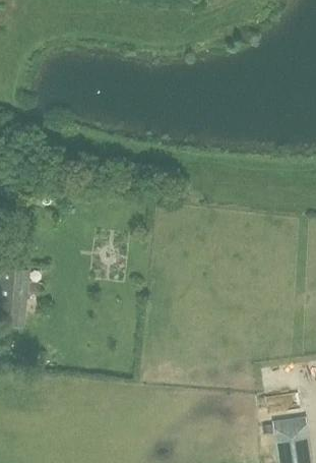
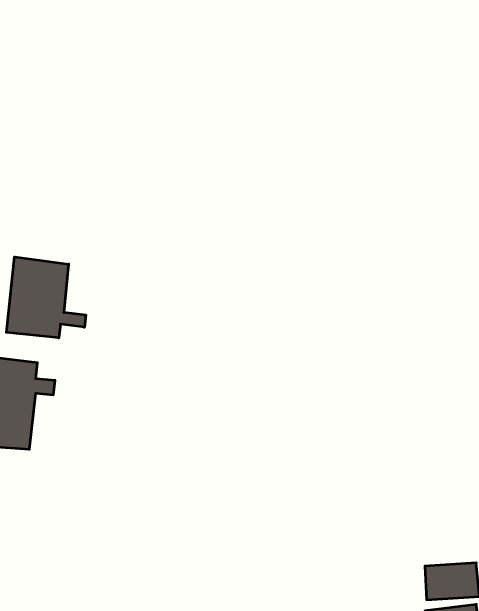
building: none -> [6,257,86,338]

